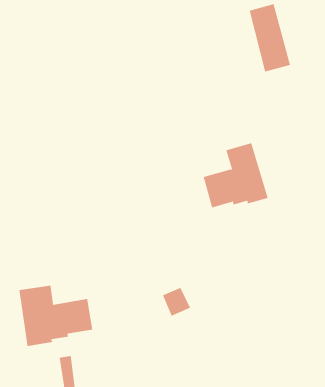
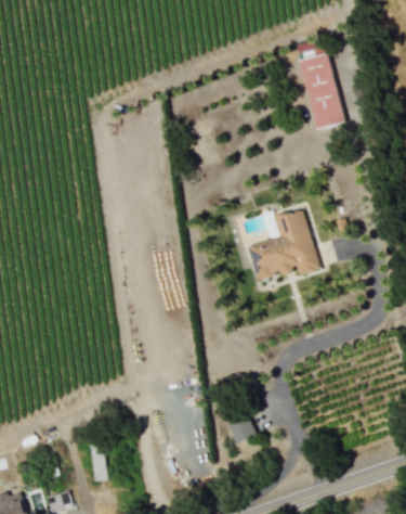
building: [19,285,93,347] -> none
building: [162,287,191,317] -> [226,411,258,444]

